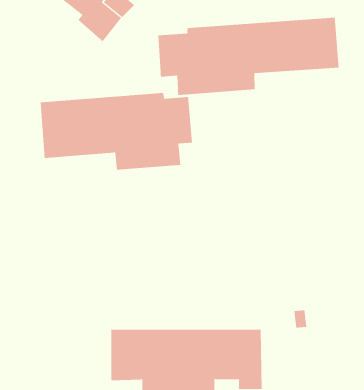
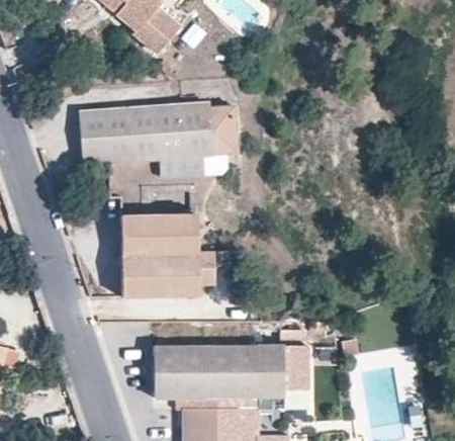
building: [158,17,339,96] -> none
building: none -> [121,216,216,296]

